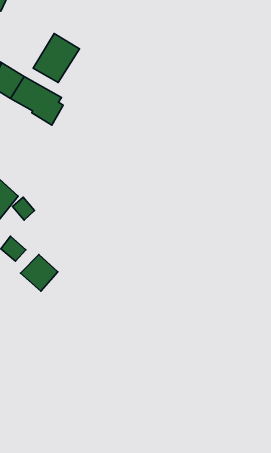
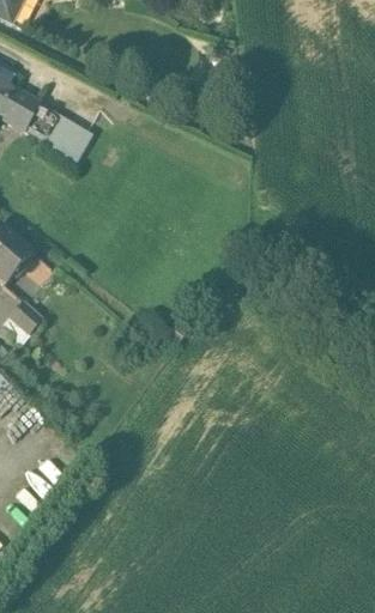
building: [33,34,80,83] -> none
building: [21,255,58,291] -> none

